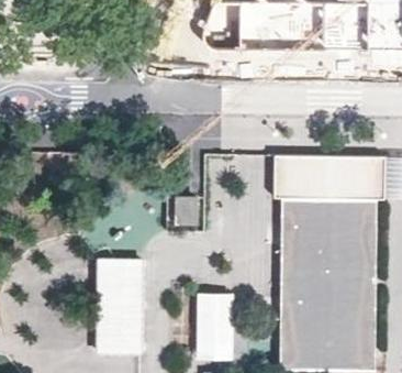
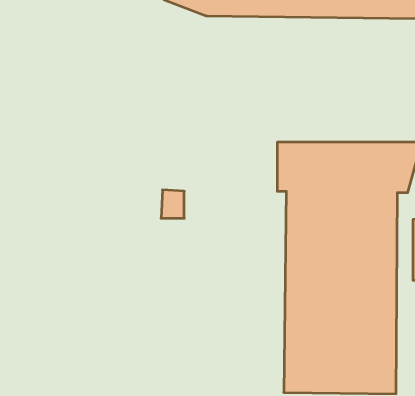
building: [98,257,141,348] -> none
building: [197,289,236,358] -> none

